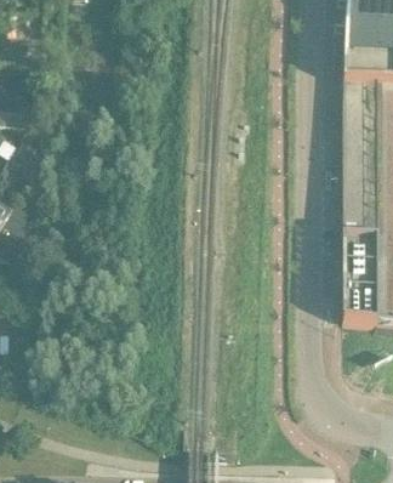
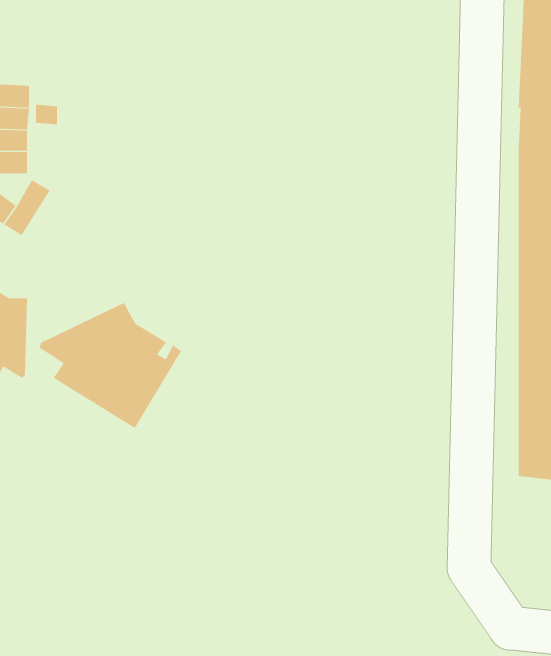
building: none -> [39,302,182,429]

